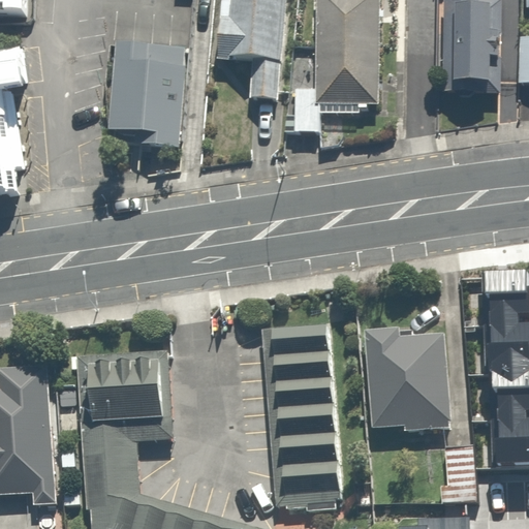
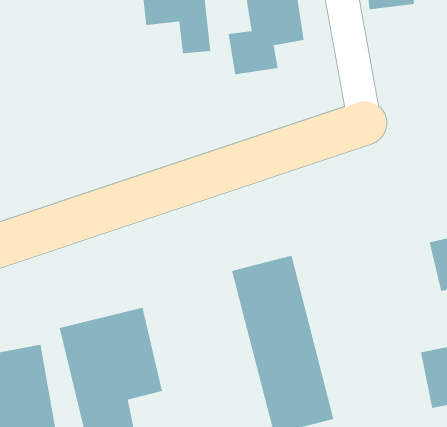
building: [107,44,185,145] -> none
building: [366,330,455,431] -> none

